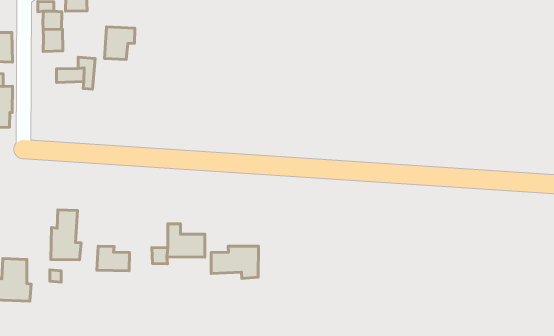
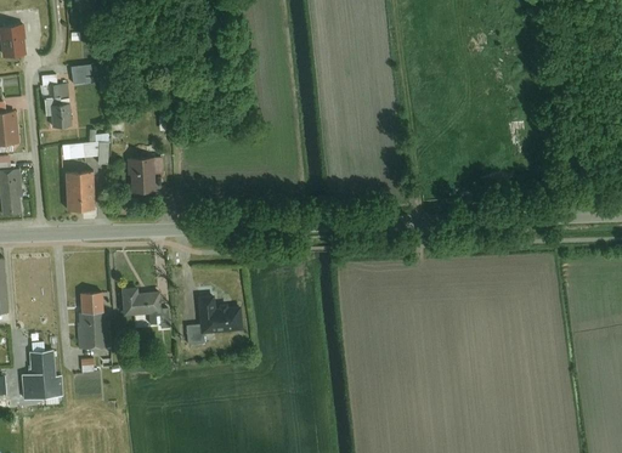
building: [105,27,135,60] -> [128,157,159,192]
building: none -> [64,171,95,210]
building: [211,246,258,278] -> none
building: [97,246,130,271] -> [119,288,154,315]

